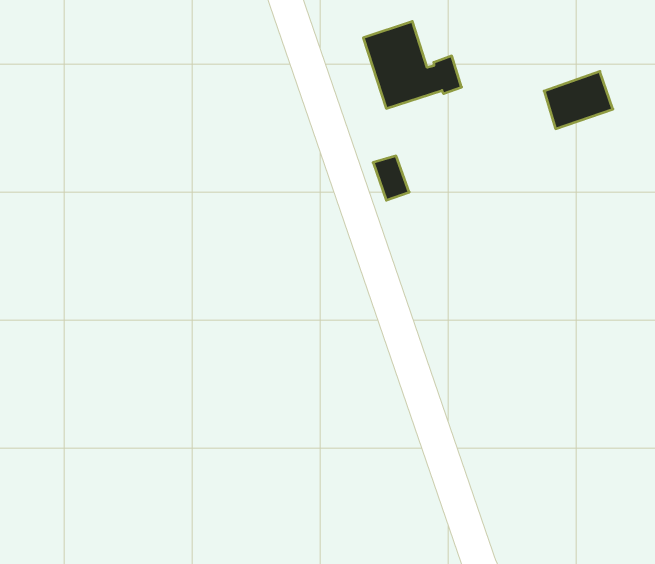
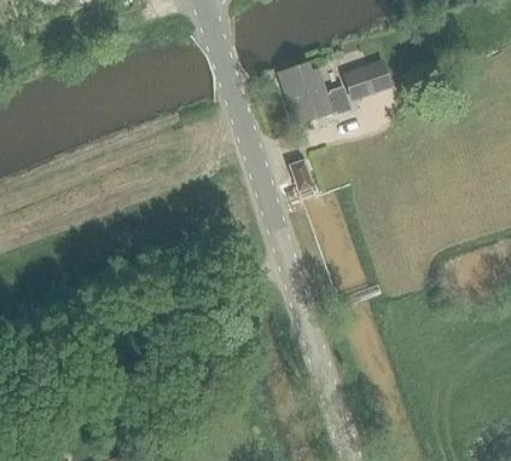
building: [544,71,613,129] -> [341,58,391,100]

